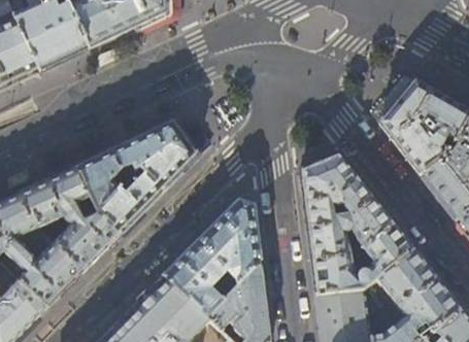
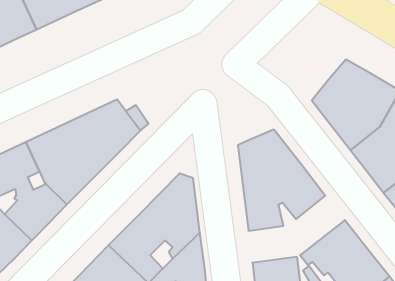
building: [310,224,412,295] -> none

